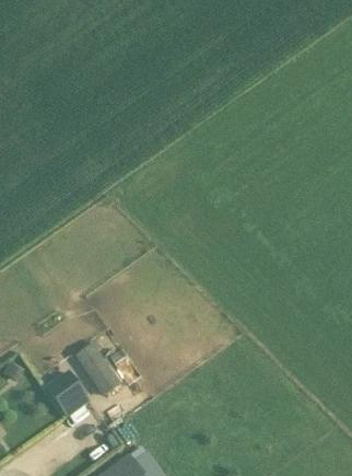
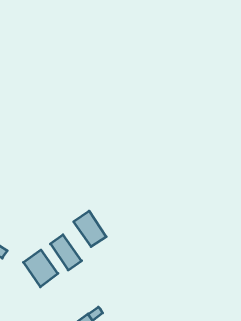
building: none -> [74,211,106,247]

